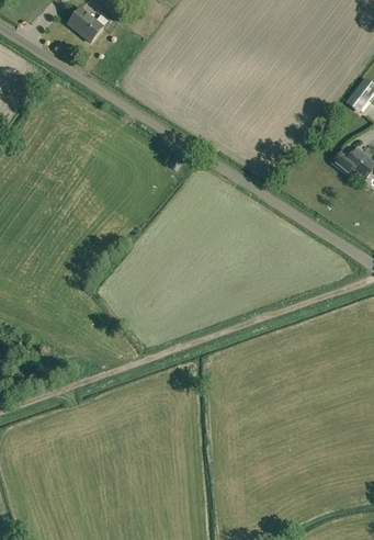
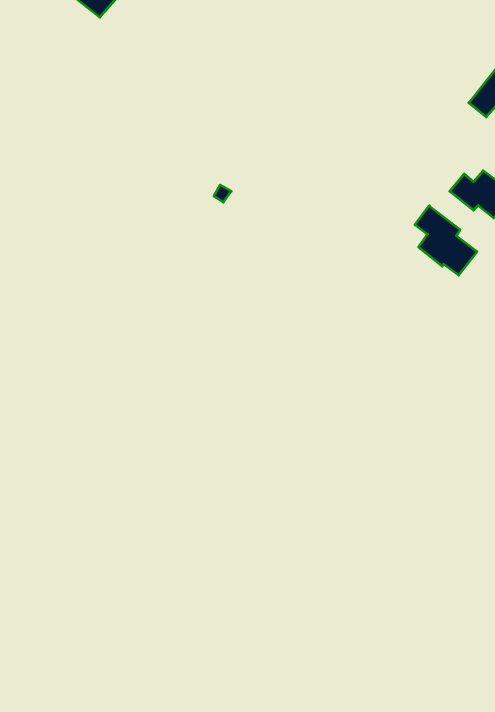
building: none -> [415,206,477,275]

